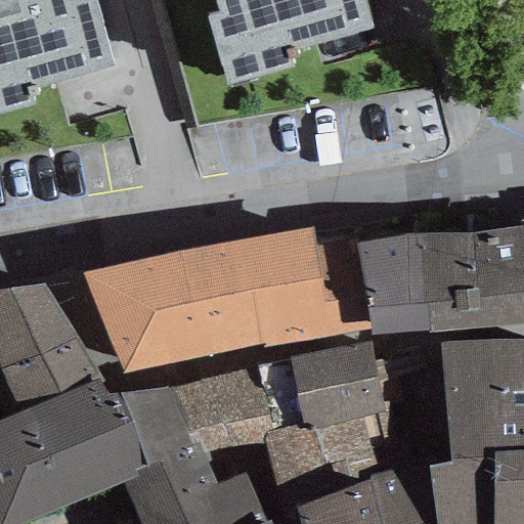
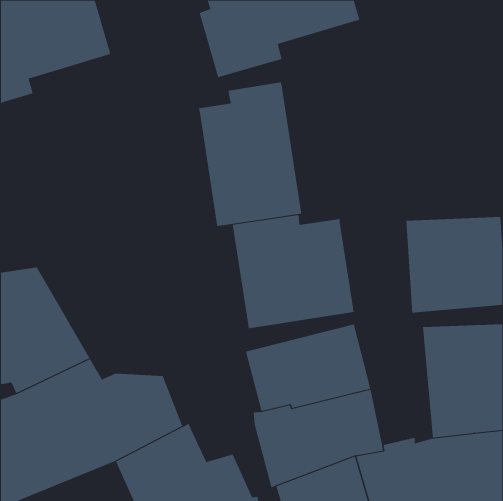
building: none -> [198,82,302,227]
building: [354,223,428,340] -> none
building: [80,237,258,373] -> none
building: [177,367,271,452] -> none

